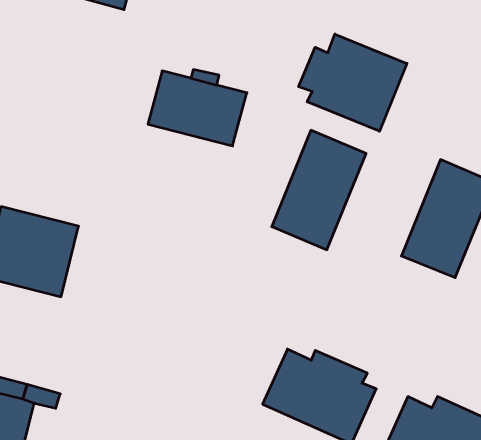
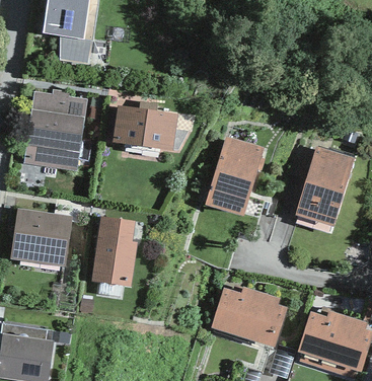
building: [299,34,407,131] -> none
building: none -> [22,89,86,171]
building: none -> [90,217,136,287]

